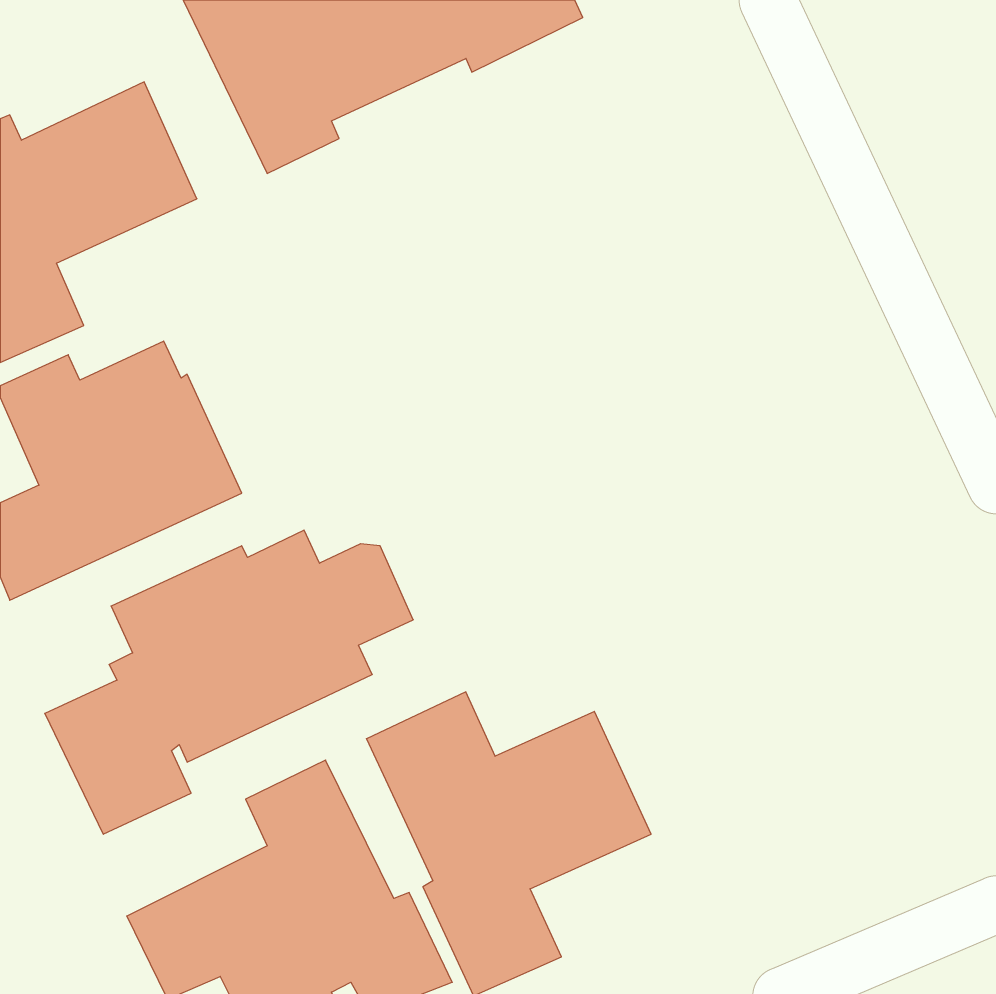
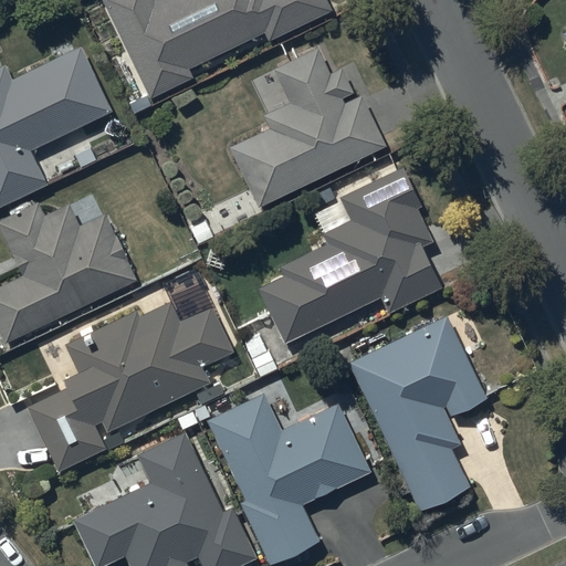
building: none -> [231,48,386,207]
building: none -> [259,167,443,343]
building: none -> [348,316,486,514]

